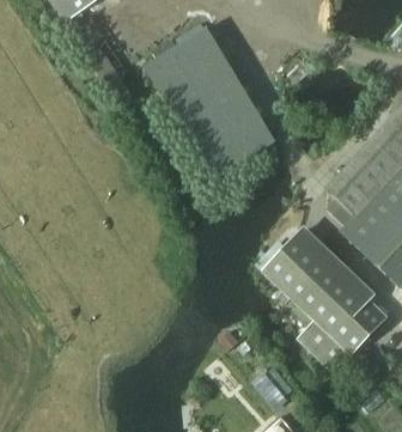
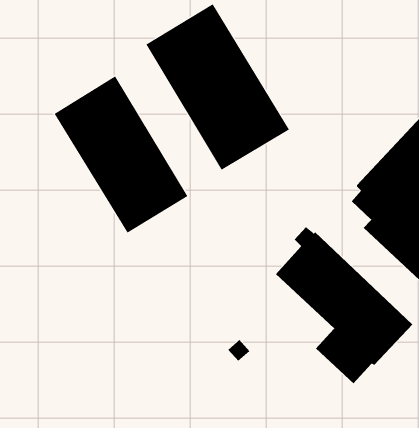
building: none -> [54,76,188,233]

